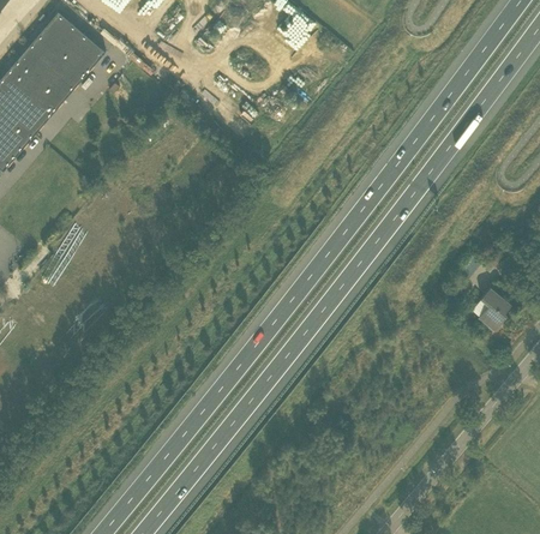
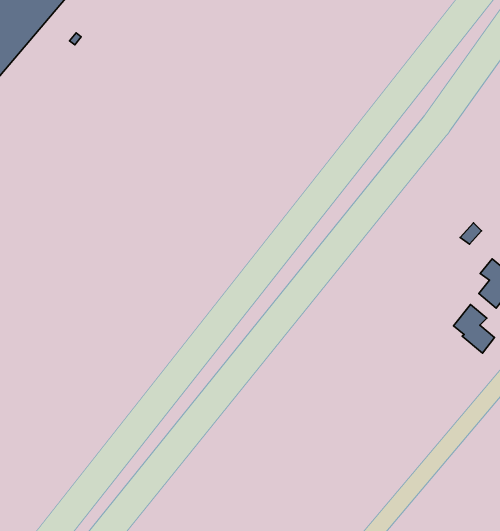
building: none -> [453,305,495,353]

